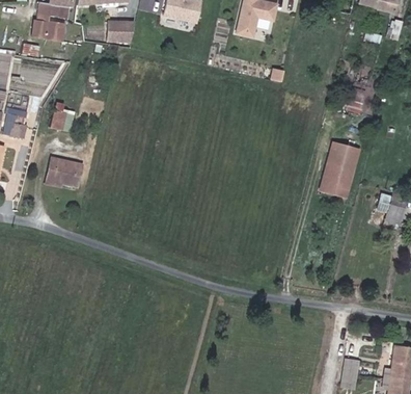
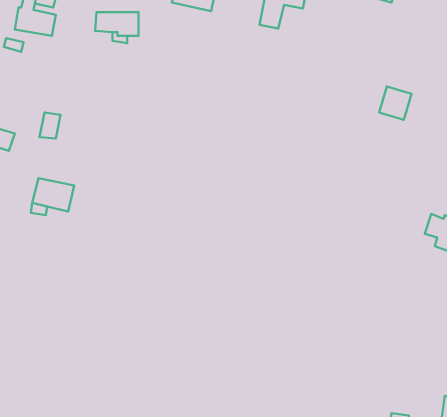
building: [322,142,361,199] -> none

